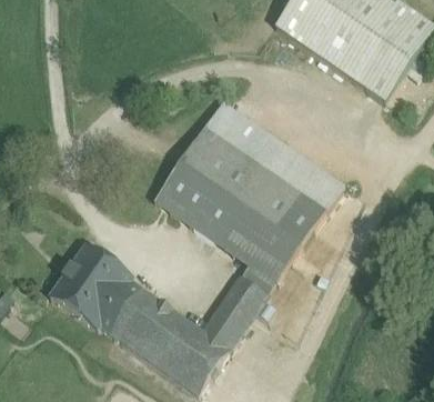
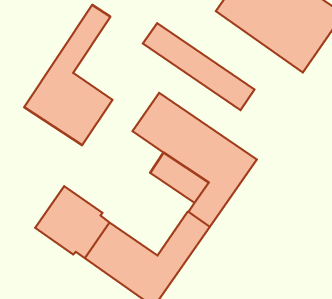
building: none -> [24,5,112,145]
building: [204,100,344,209] -> [143,23,255,110]
building: [153,173,210,225] -> none

